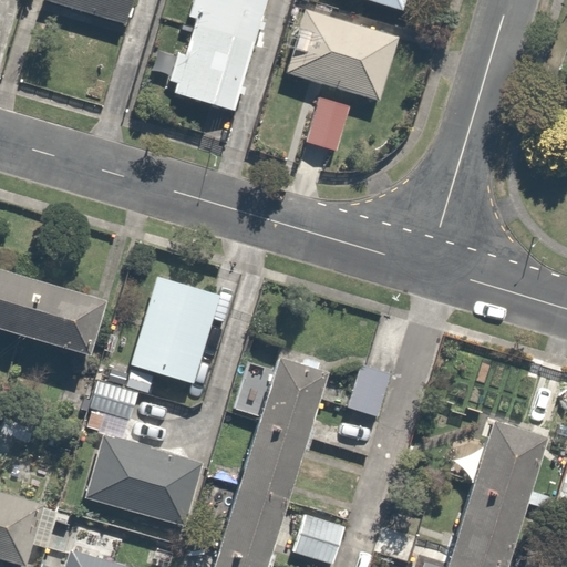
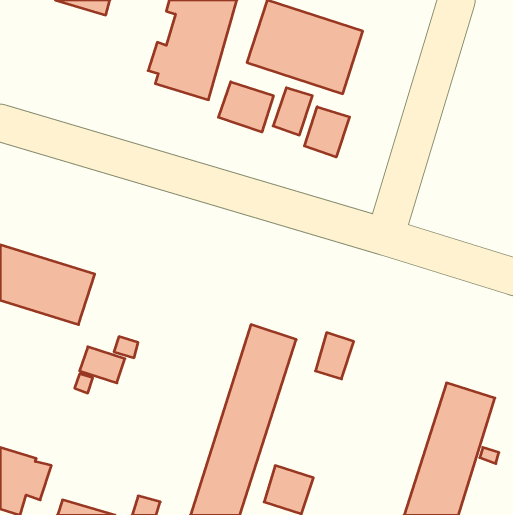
building: none -> [218,82,273,132]
building: none -> [304,107,350,157]
building: [131,277,220,384] -> none
building: [85,435,205,527] -> none

